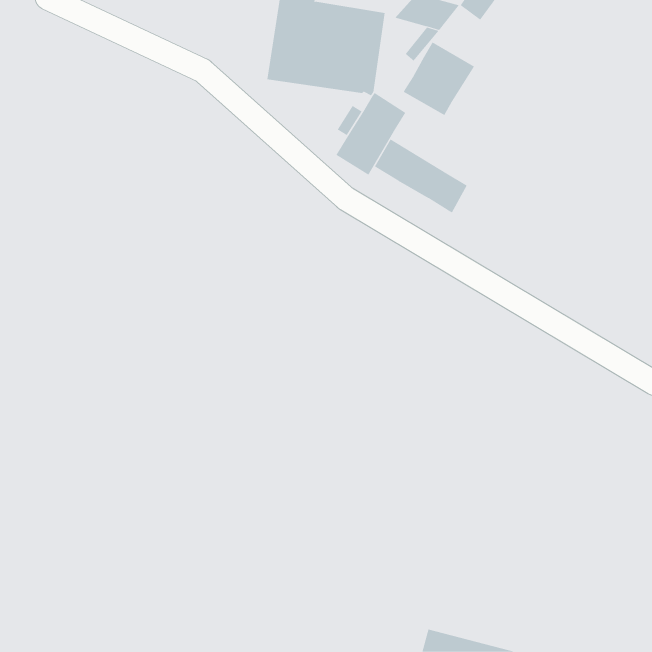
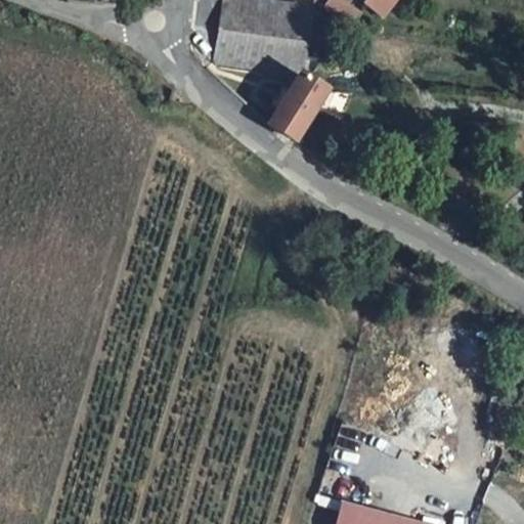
building: [403,41,475,116] -> none
building: [374,139,468,213] -> none

